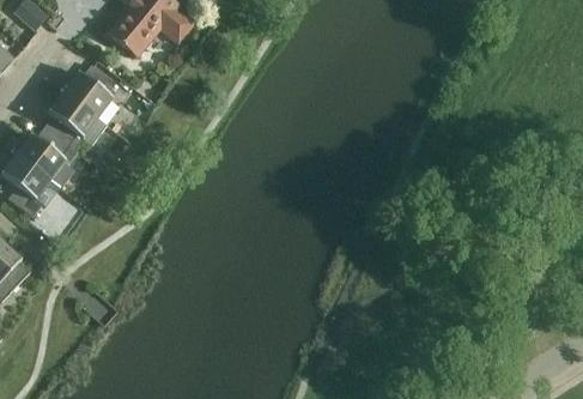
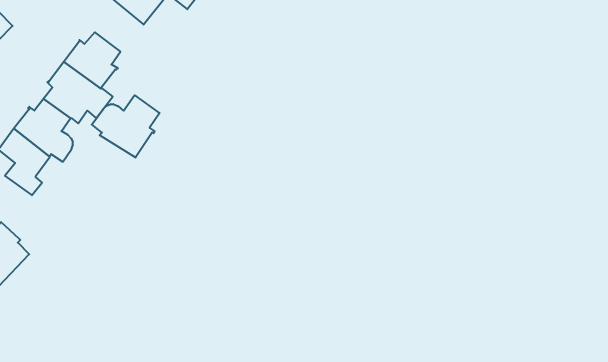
building: none -> [92,95,160,158]

